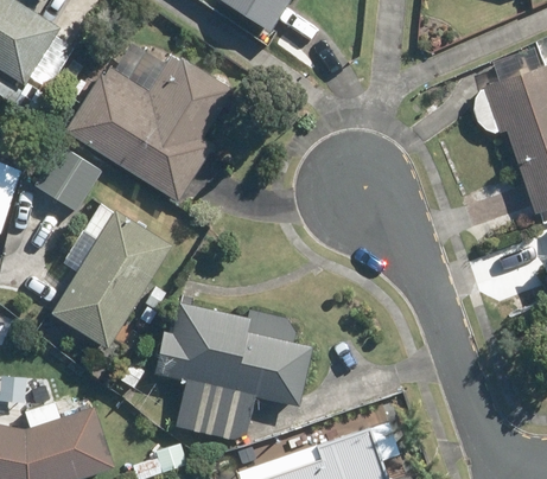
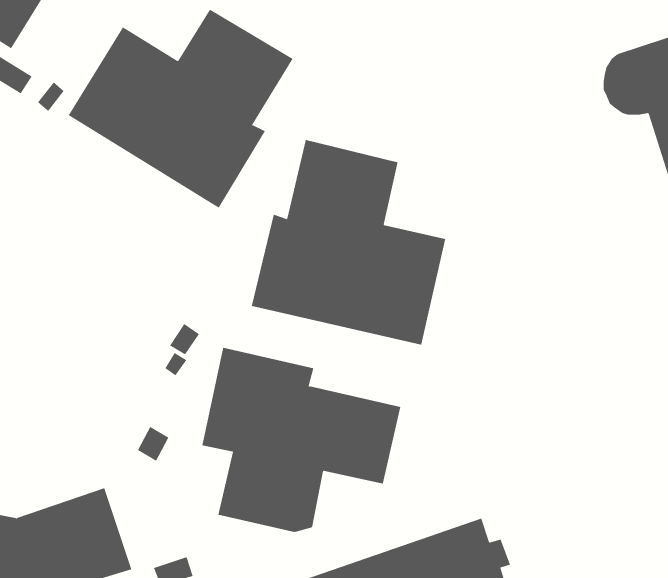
building: [33,145,101,211] -> none
building: none -> [251,139,446,346]
building: [53,211,174,350] -> none

